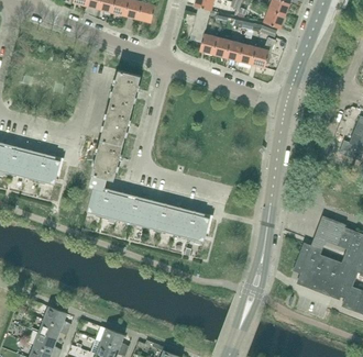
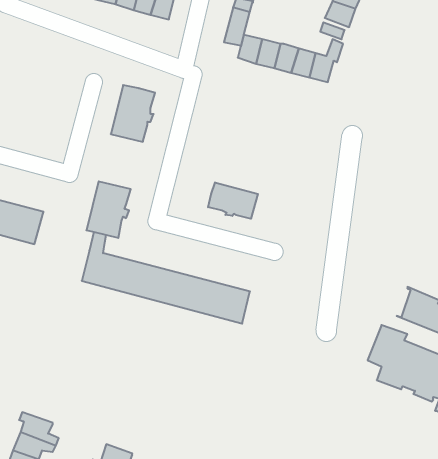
building: [100,105,132,145] -> none
building: none -> [208,182,258,219]

